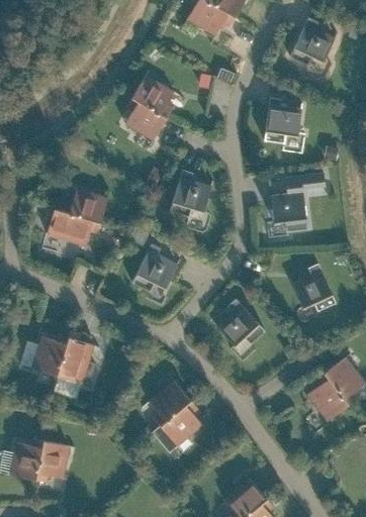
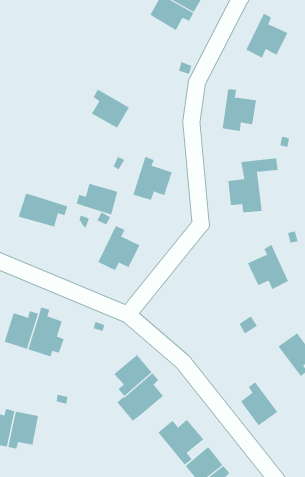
building: [131,76,173,118] -> none
building: [62,189,107,223] -> [76,183,118,215]
building: [216,299,265,346] -> none
building: [307,373,348,420] -> [240,382,278,426]
building: none -> [157,419,204,465]

